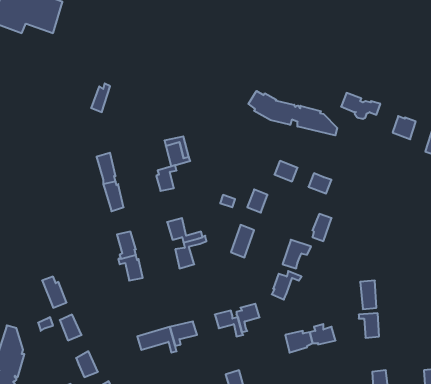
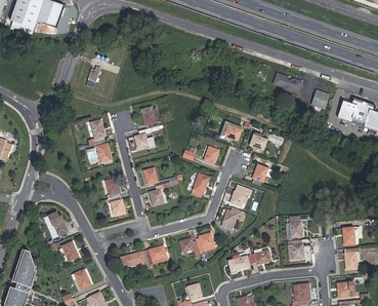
building: [248,91,337,135] -> none

